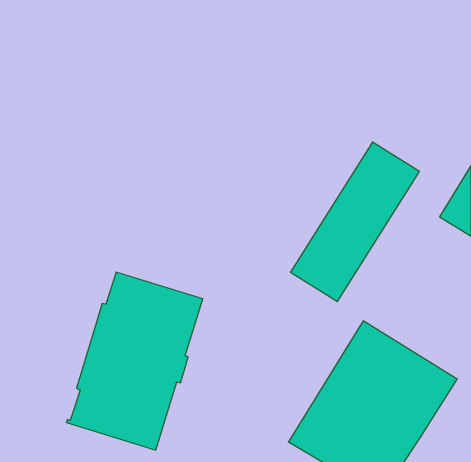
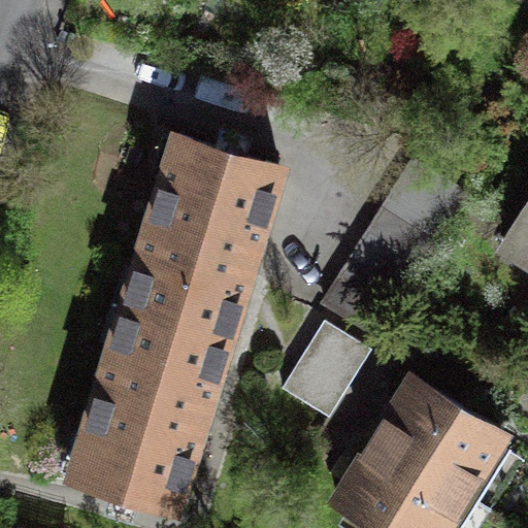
building: none -> [130,143,279,344]
building: none -> [286,331,371,425]

